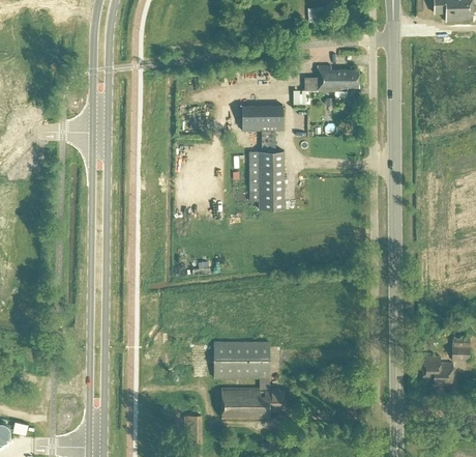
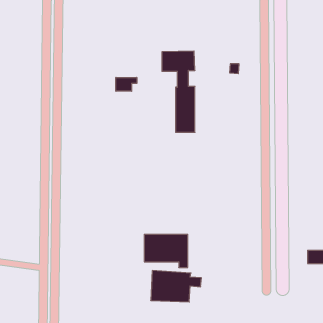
building: [299,65,353,91] -> none
building: none -> [116,77,137,91]

